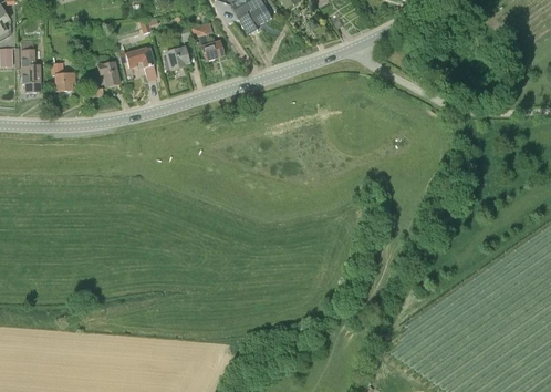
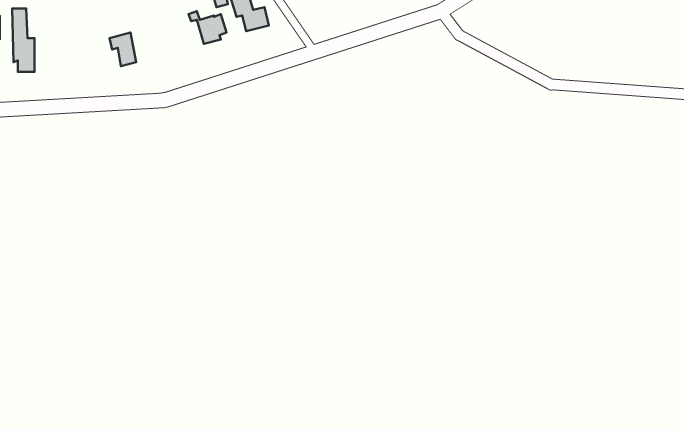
building: [117,47,156,80] -> none
building: [50,62,74,91] -> none

